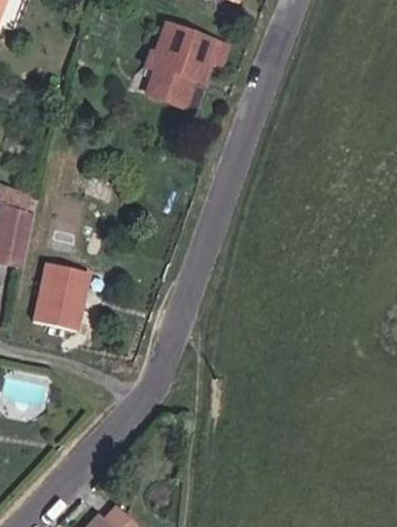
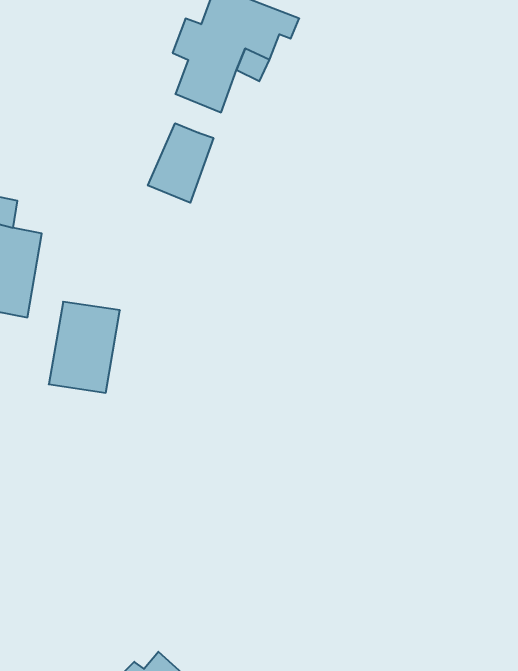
building: none -> [148,123,213,203]

